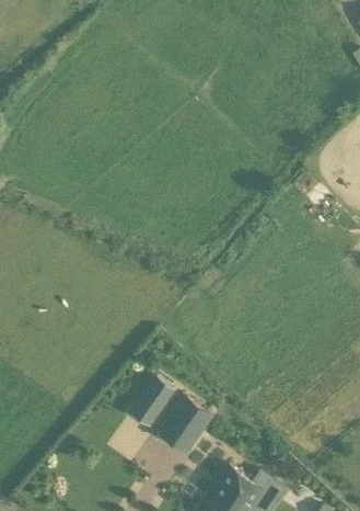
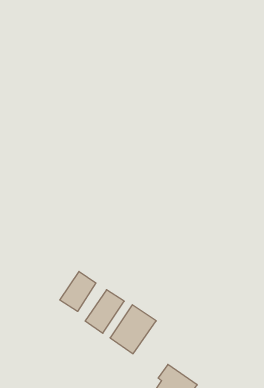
building: none -> [60,271,96,311]

